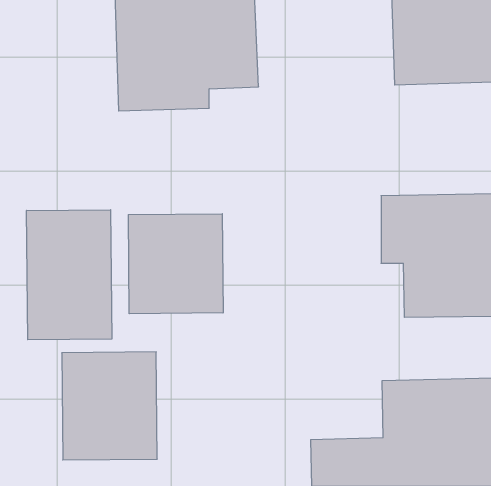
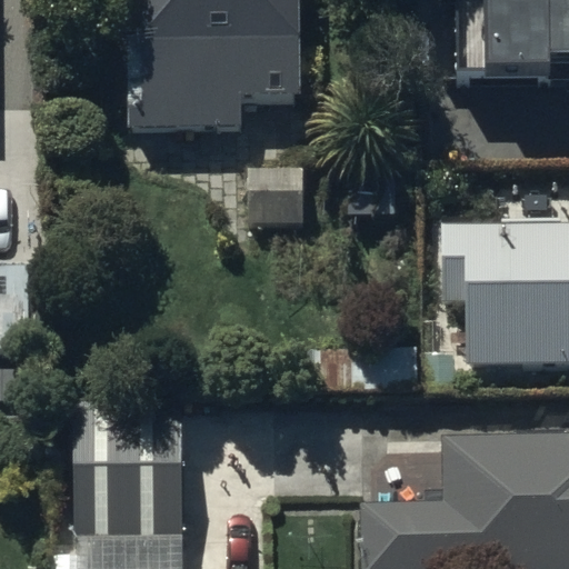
building: [27,210,112,340] -> none
building: [128,214,223,314] -> none

